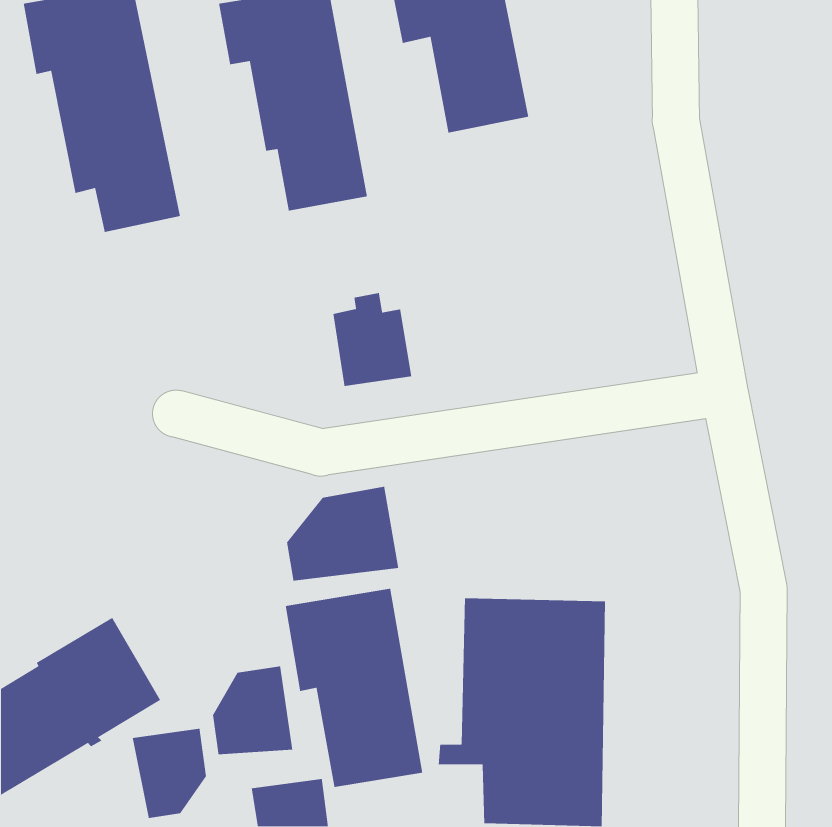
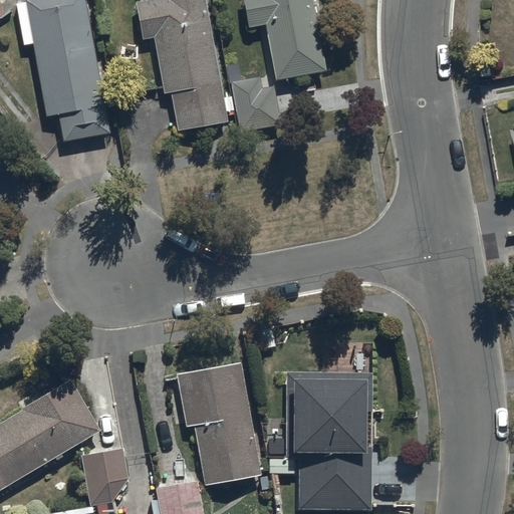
building: [332,292,412,387] -> [232,75,281,134]
building: [286,486,399,582] -> none
building: [212,665,293,755] -> none

